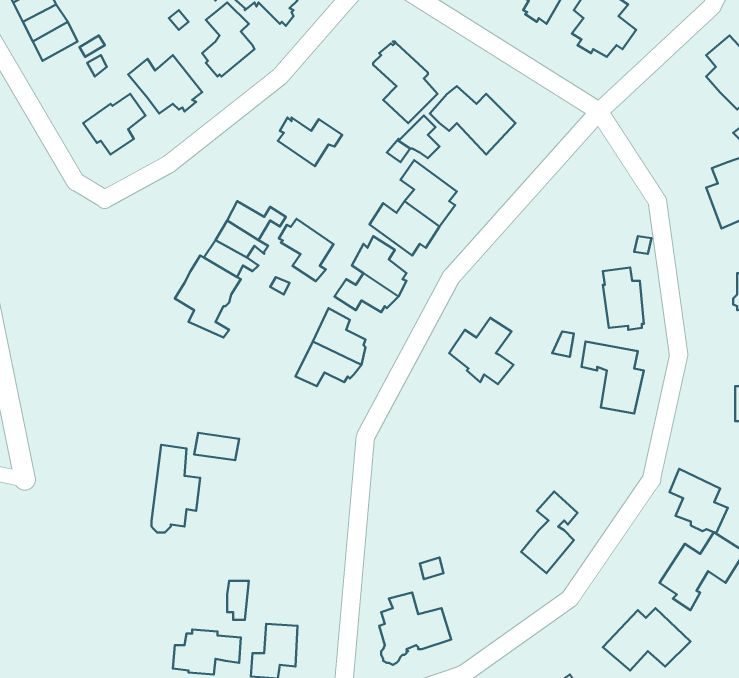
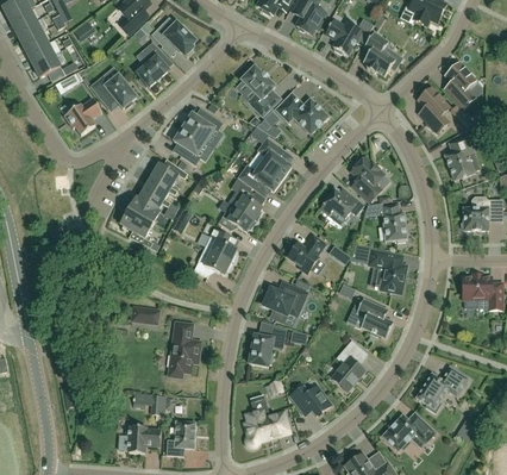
building: none -> [419,88,450,132]
building: none -> [351,156,390,202]
building: [279,219,333,281] -> [173,126,206,164]
building: none -> [320,187,364,218]
building: none -> [265,281,307,321]
building: [151,445,200,532] -> [170,321,200,375]
building: none -> [249,324,287,365]
building: [670,469,728,533] -> [357,298,393,337]
building: none -> [290,385,332,415]

